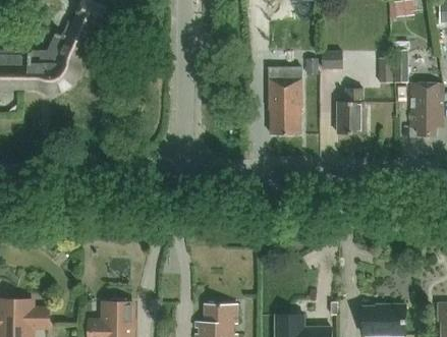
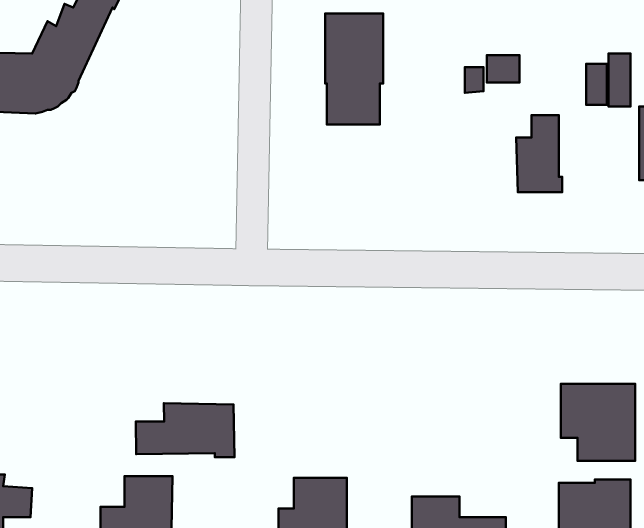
building: [269,67,303,133] -> [325,13,383,125]
building: none -> [561,384,635,461]
building: none -> [136,403,234,457]

